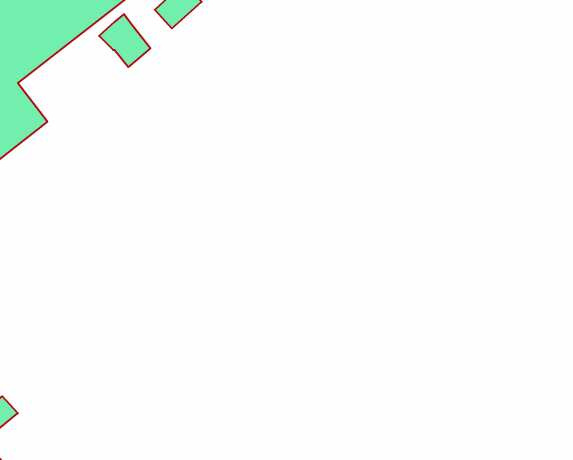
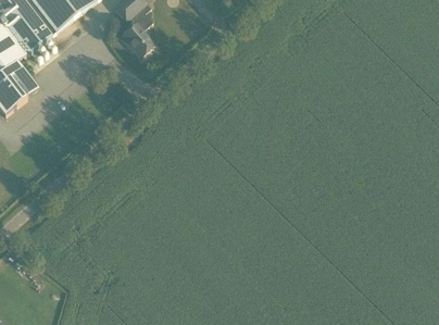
building: [99,14,150,67] -> [117,20,153,57]

